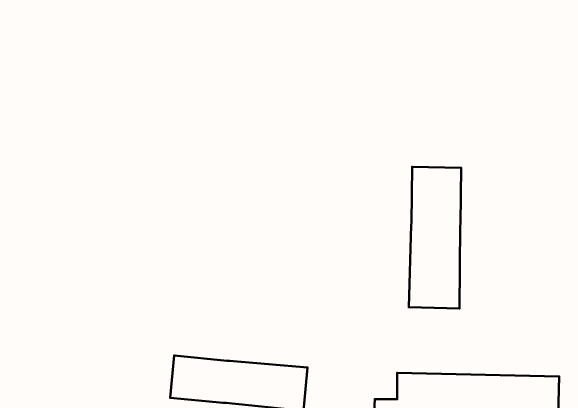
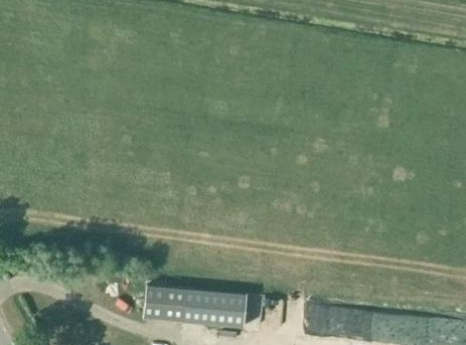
building: [409,167,461,308] -> none

